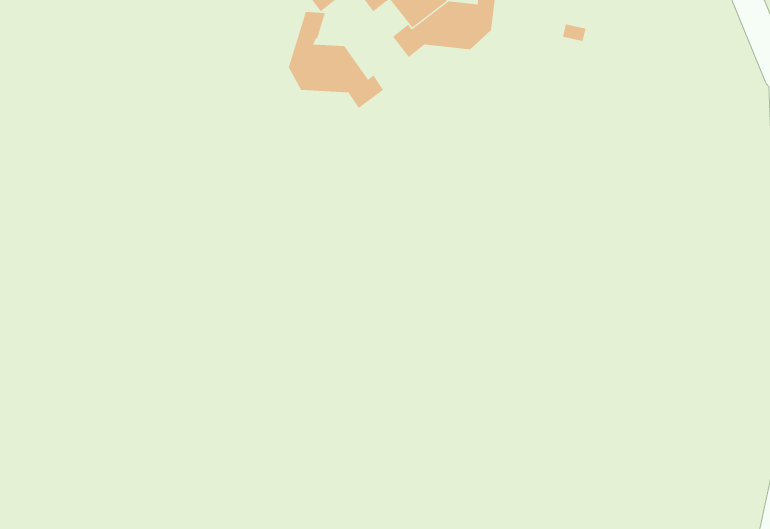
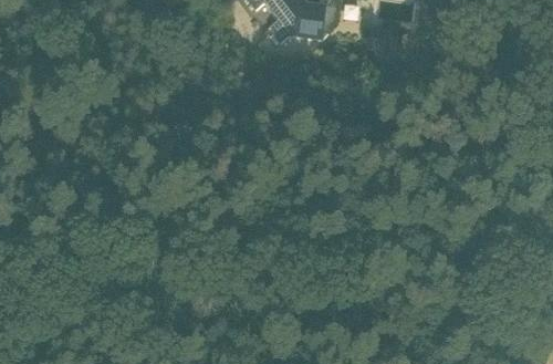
building: [288,11,384,109] -> none

